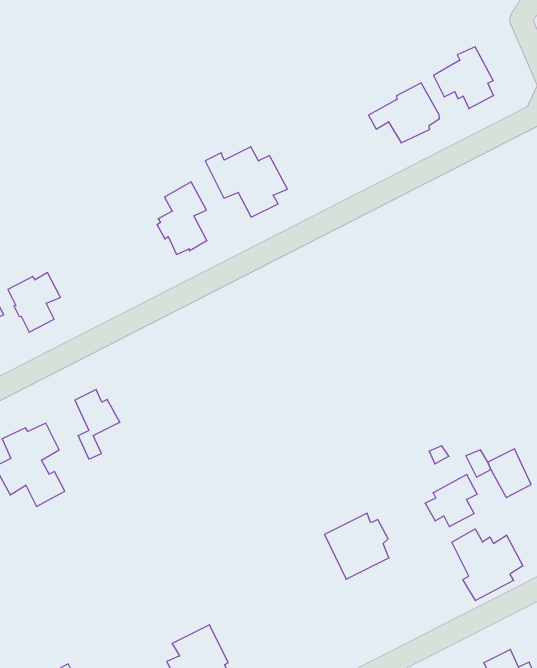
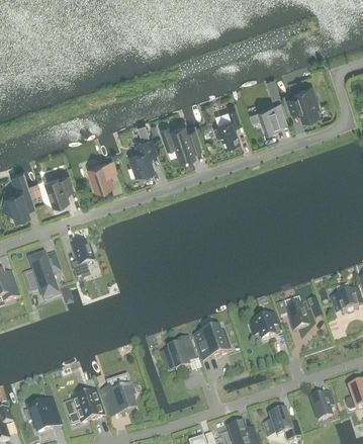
building: none -> [213,105,240,145]
building: none -> [87,158,115,188]
building: [452,529,523,601] -> none
building: none -> [161,335,195,368]

